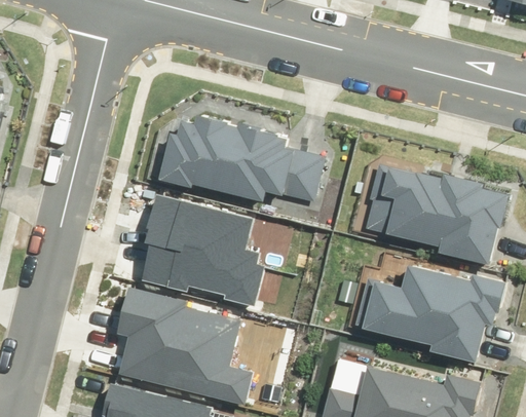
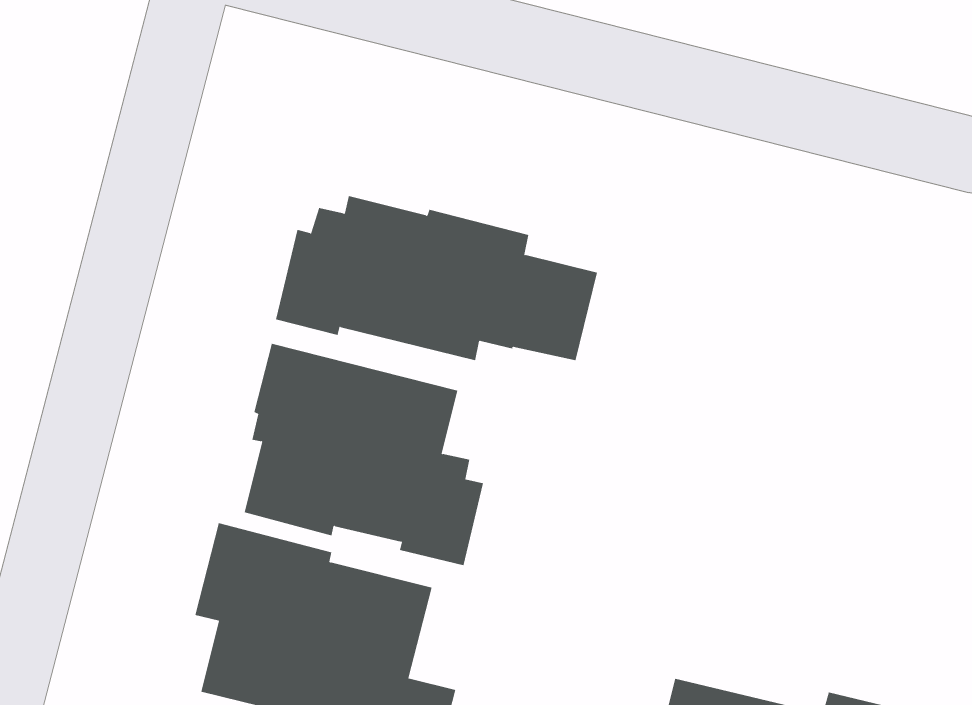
building: [366,163,509,265] -> none
building: [355,264,505,363] -> none

